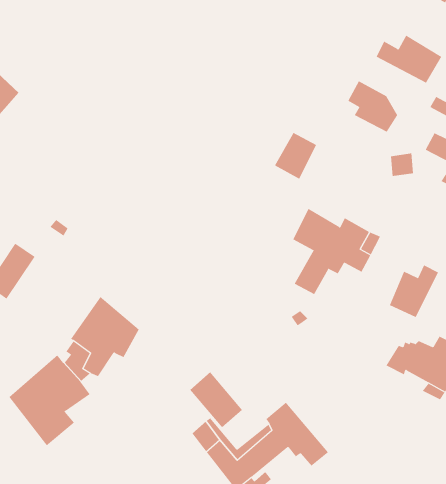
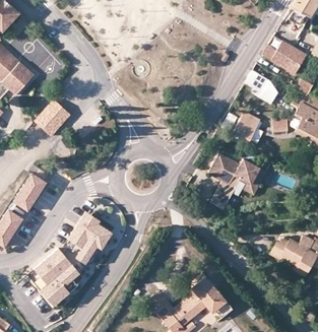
building: none -> [35,101,70,137]
building: [274,132,317,180] -> [234,112,261,142]
building: [389,264,439,318] -> none
building: [189,372,243,428] -> none

